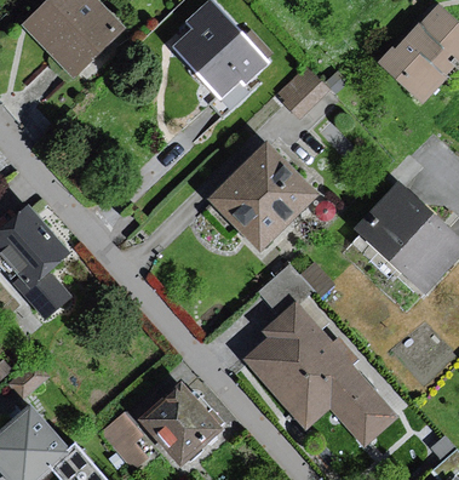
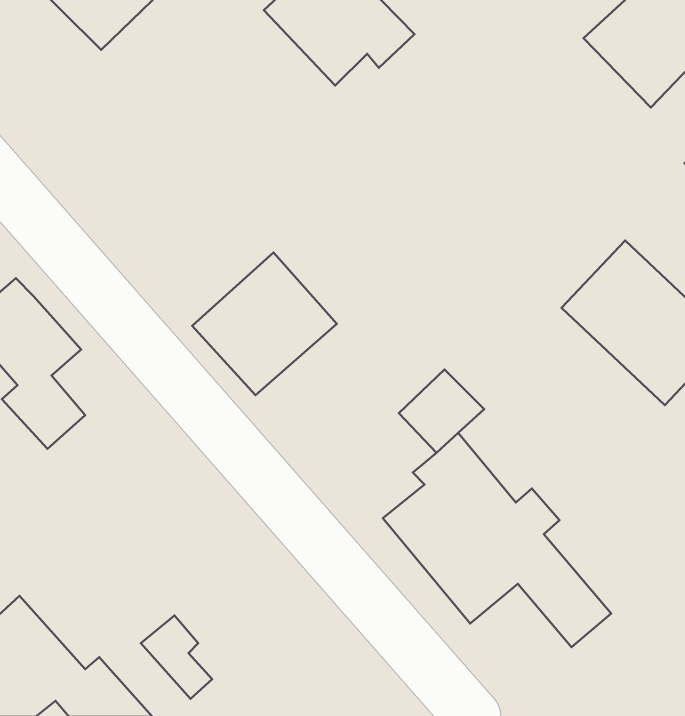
building: [279,70,329,120] -> none
building: [220,156,309,244] -> [192,252,337,395]
building: [145,384,220,461] -> none

